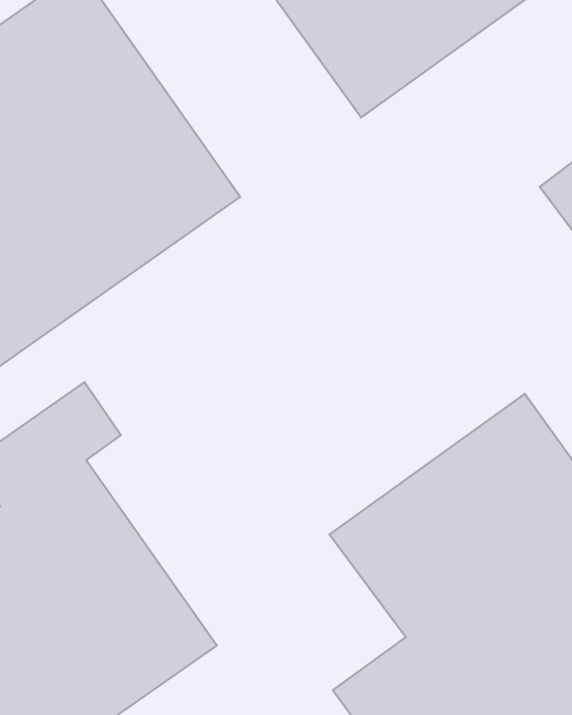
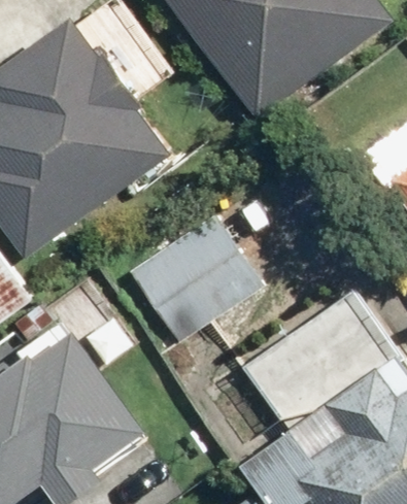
building: none -> [125,211,263,344]

